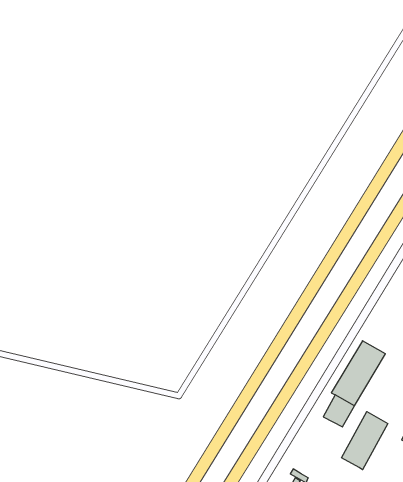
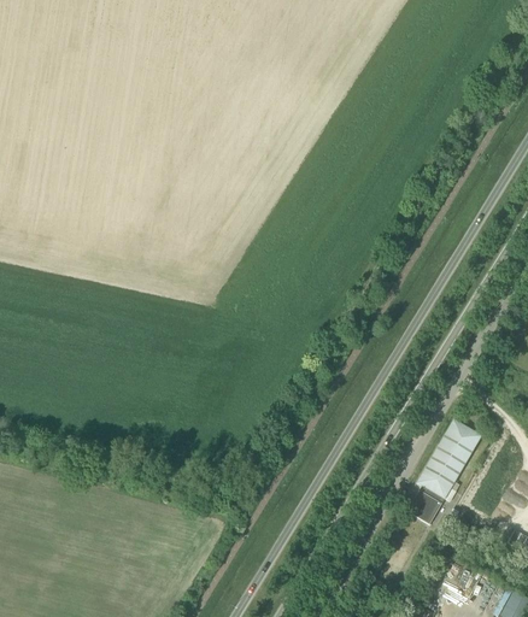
building: [342,412,388,470] -> none

